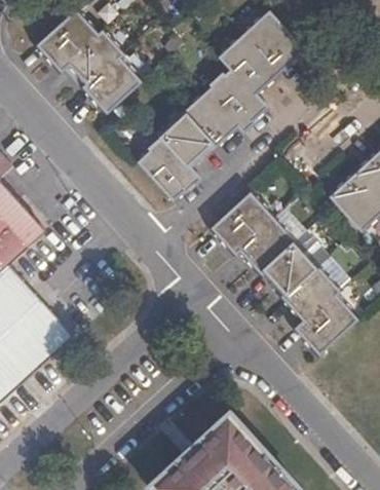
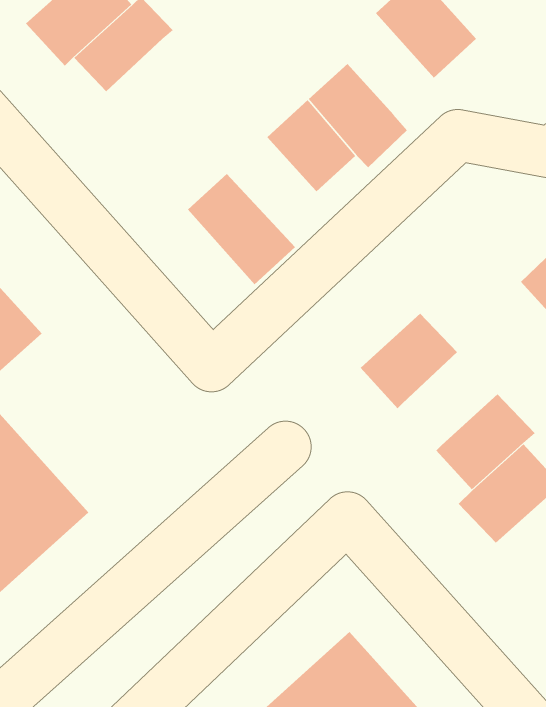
building: [221,38,279,99] -> none
building: [84,53,141,110] -> none
building: [156,112,206,163] -> none
building: [211,193,271,252] -> none
building: [261,240,317,296] -> none

